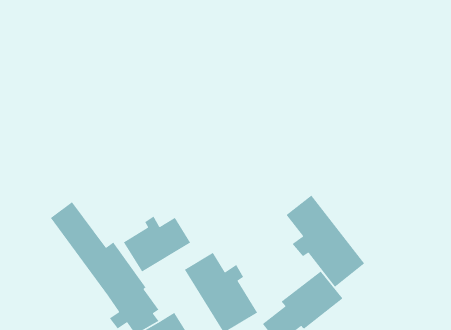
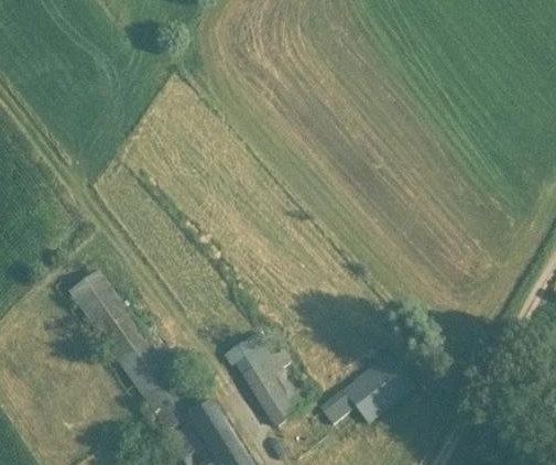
building: [286,195,365,288] -> none
building: [123,216,191,273] -> none

